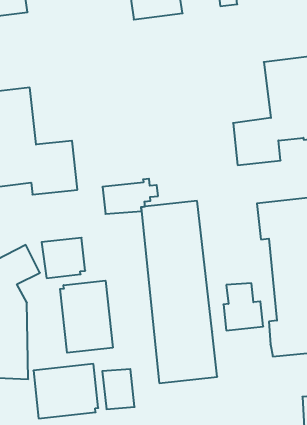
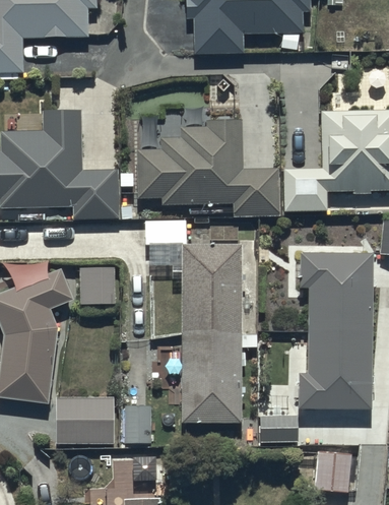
building: none -> [137,118,280,217]
building: [60,281,113,353] -> none
building: [223,283,263,330] -> [260,394,298,440]

